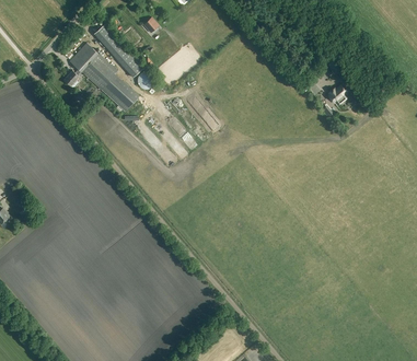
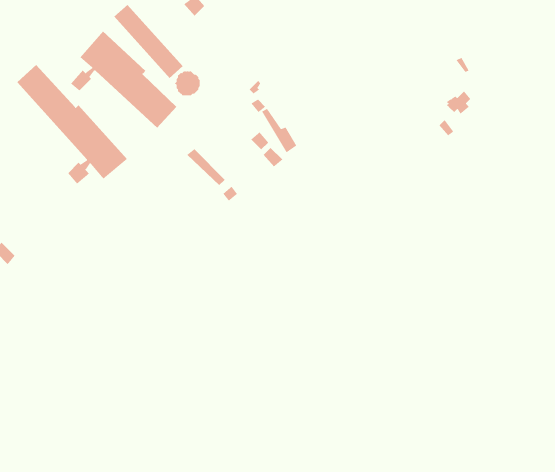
building: none -> [16,64,128,185]

